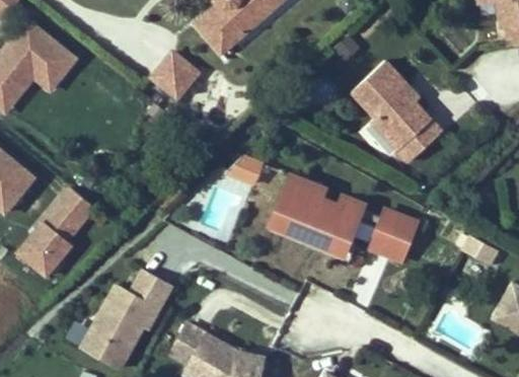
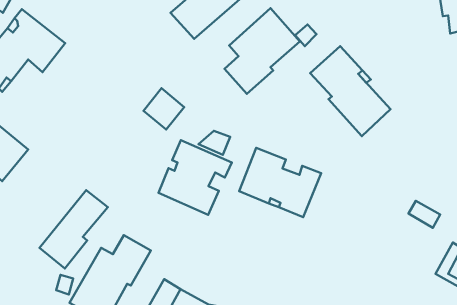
building: none -> [224,8,300,94]
building: [152,52,198,98] -> [144,88,184,130]
building: none -> [158,140,232,215]
building: [18,187,95,276] -> [39,190,108,268]
building: [371,209,417,259] -> none

